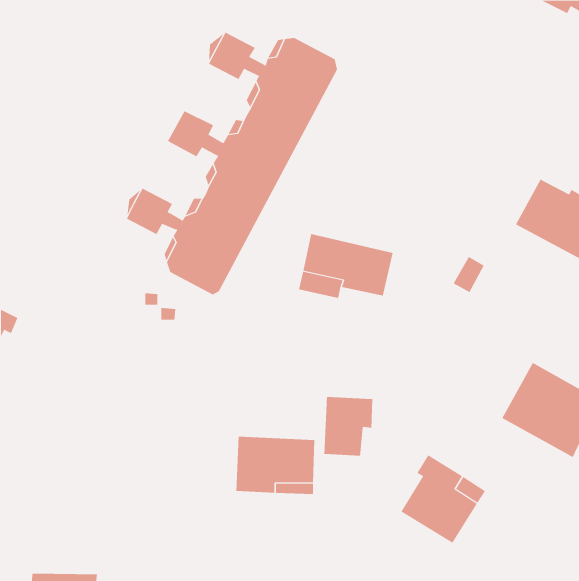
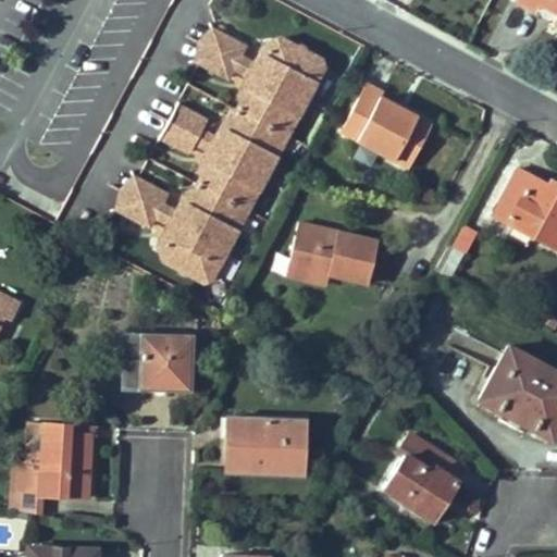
building: none -> [343,85,433,170]
building: none -> [125,334,189,388]
building: [324,396,373,457] -> none
building: none -> [16,423,92,513]

